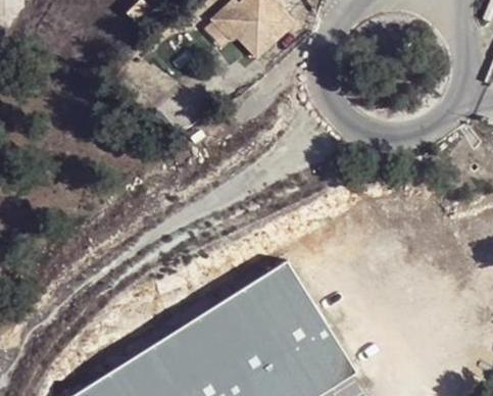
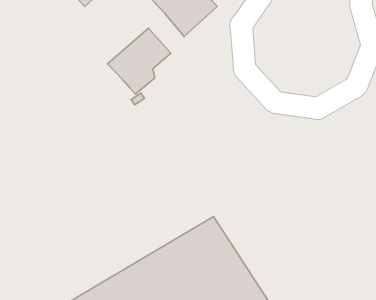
building: none -> [107,28,171,94]

